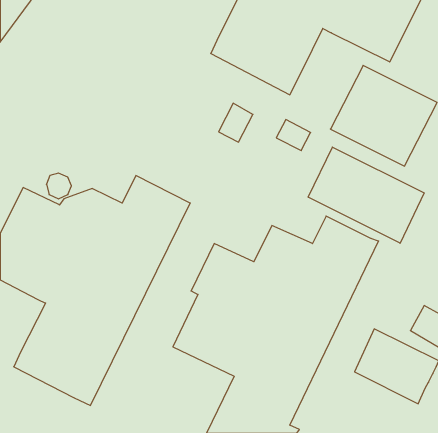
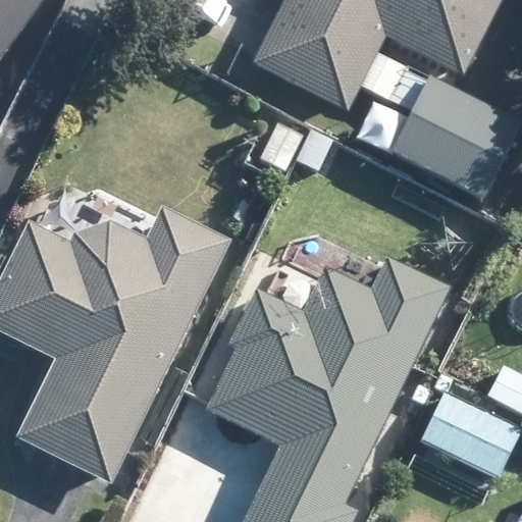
building: [308,147,424,243] -> none

